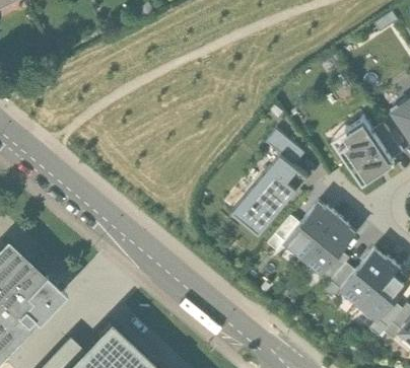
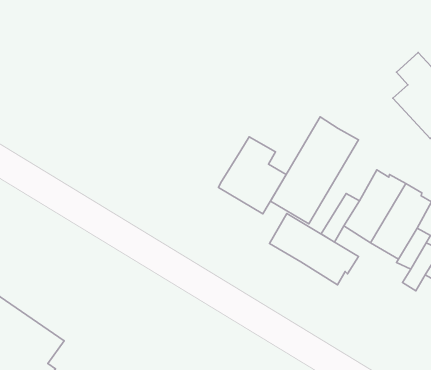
building: [266,129,303,165] -> none
building: none -> [219,137,286,214]
building: none -> [270,213,359,285]

